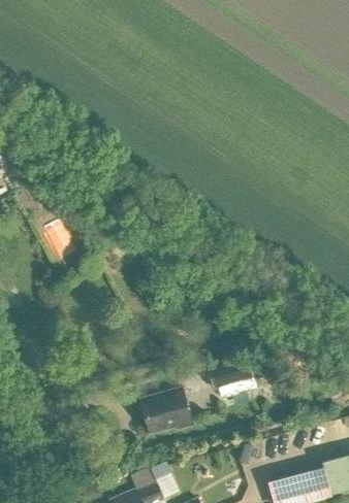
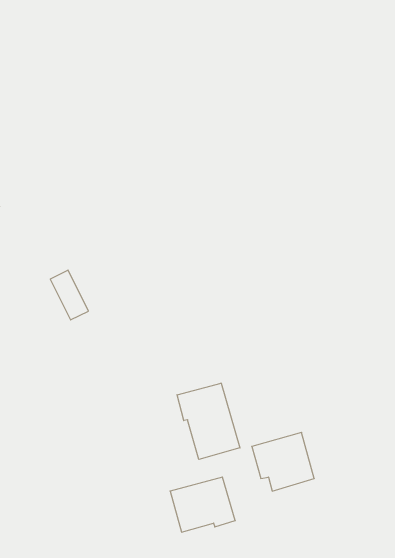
building: none -> [177,383,240,459]

